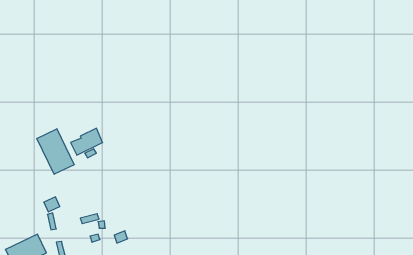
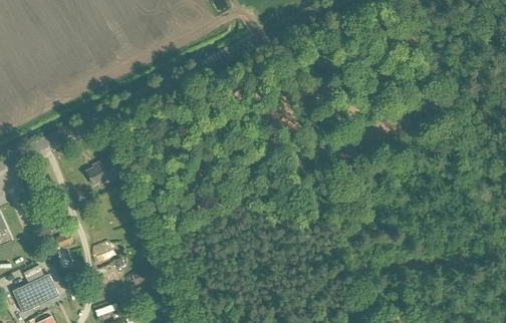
building: [37,129,74,174] -> none

